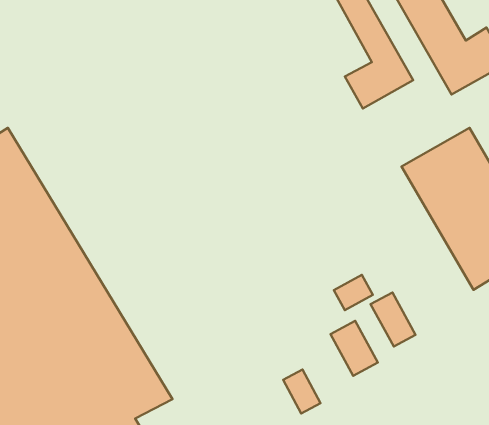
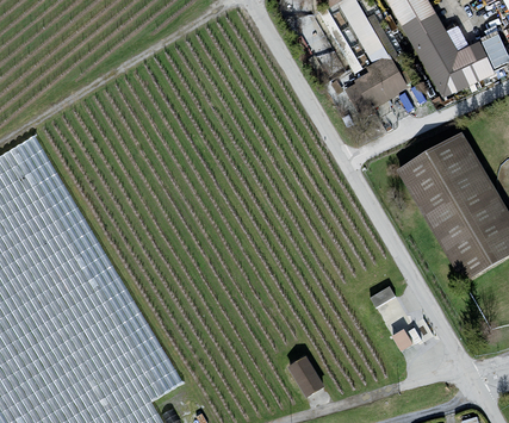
building: [334,275,373,310] -> none
building: [331,321,378,376] -> none

